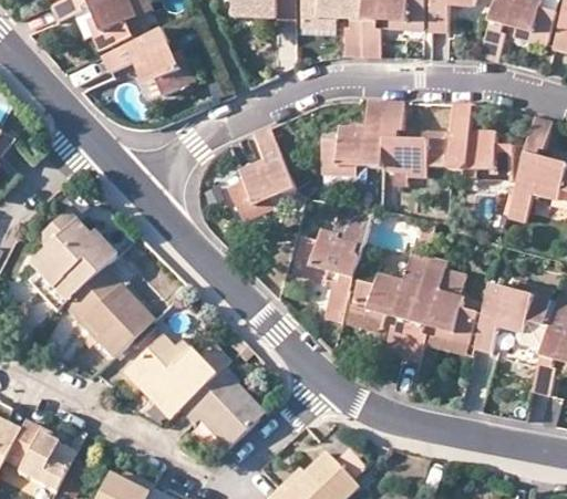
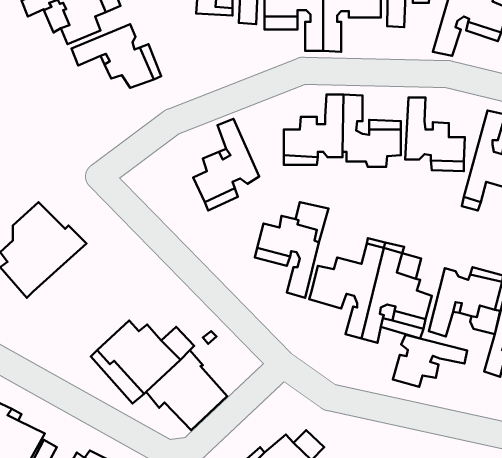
building: [62,264,153,357] -> none
building: none -> [393,335,467,387]

